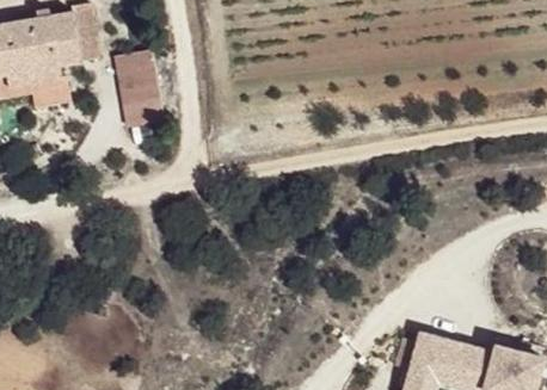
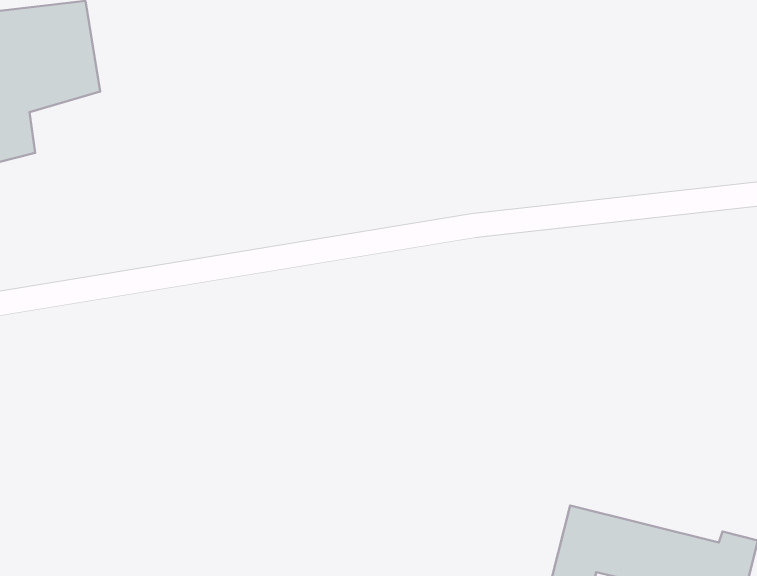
building: [115,61,160,140] -> none

